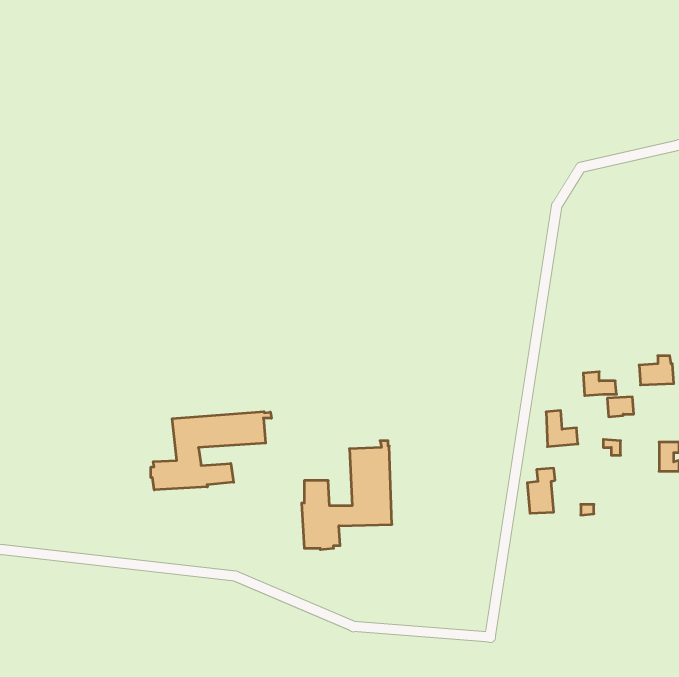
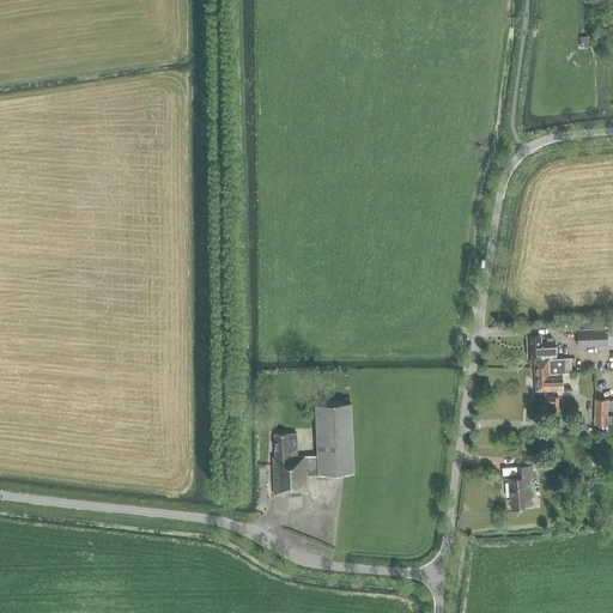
building: [546,411,578,447] -> [534,360,563,393]
building: [151,412,271,490] -> none
building: [527,468,555,513] -> [508,467,533,508]

